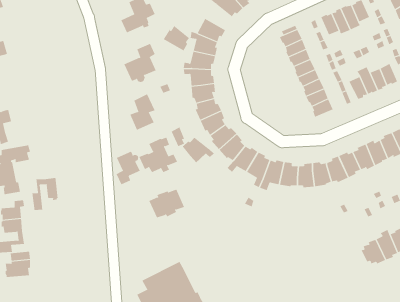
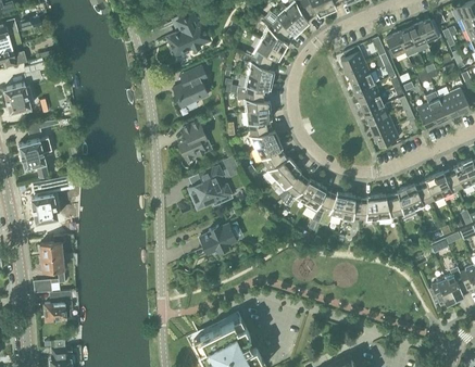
building: [163,25,190,51] -> [260,24,289,52]
building: [182,137,215,163] -> none
building: [116,151,141,185] -> none
building: [32,177,58,211] -> none

